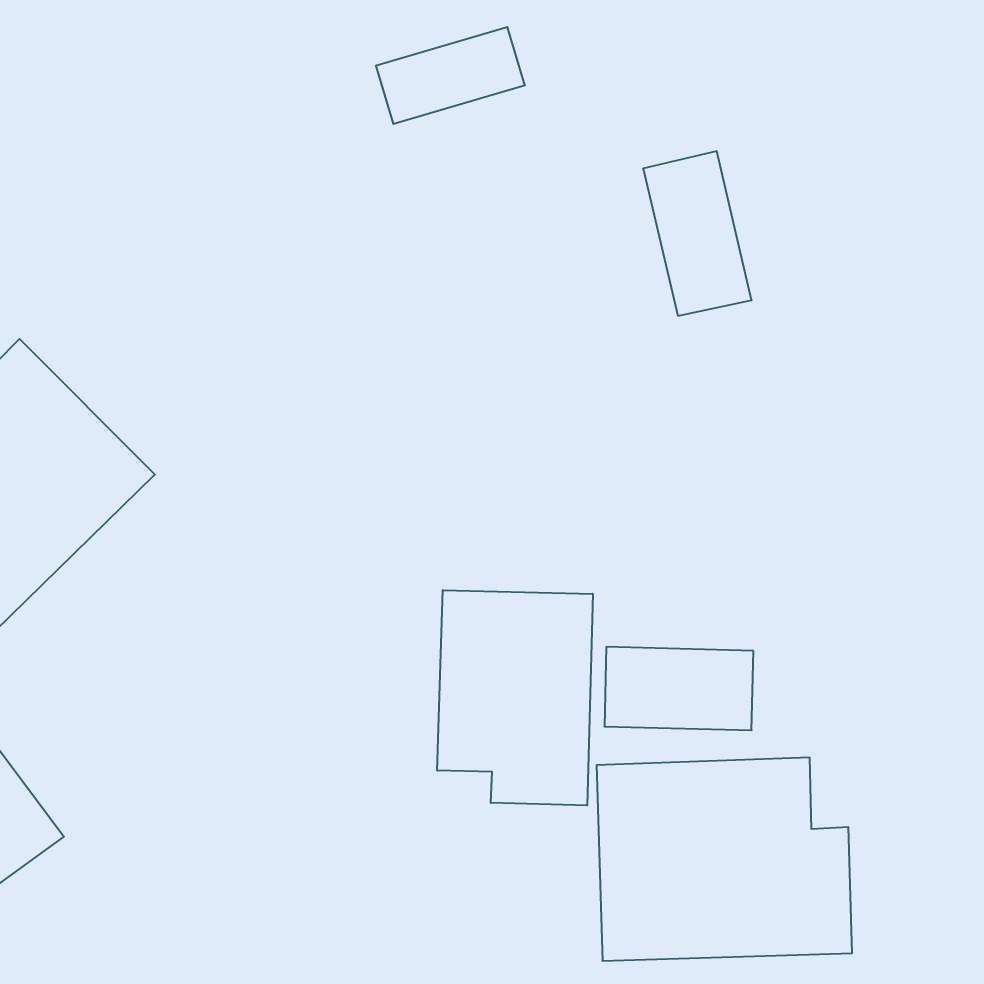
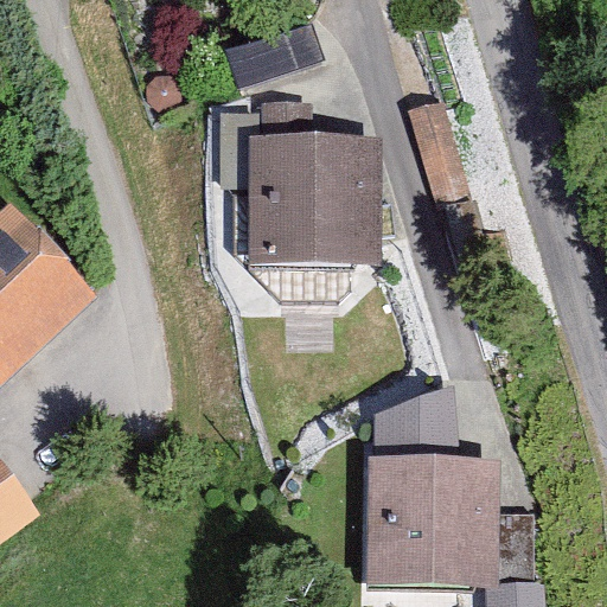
building: none -> [253,141,378,261]
building: [437,590,593,805] -> none

